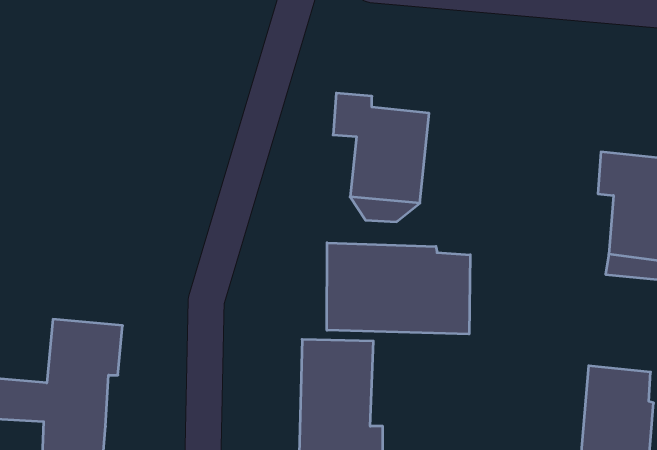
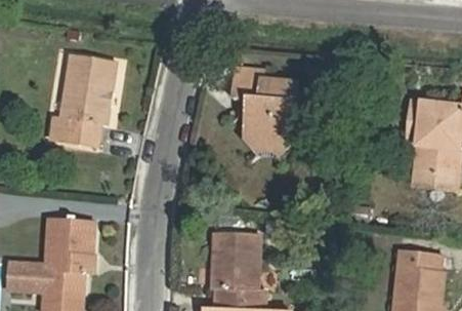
building: none -> [50,56,116,147]
building: [327,243,470,334] -> none

